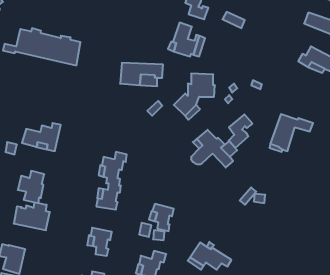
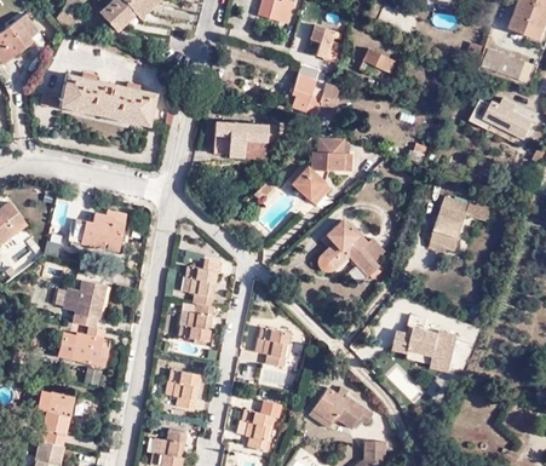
building: [229,114,252,148] -> none
building: none -> [392,338,452,372]

